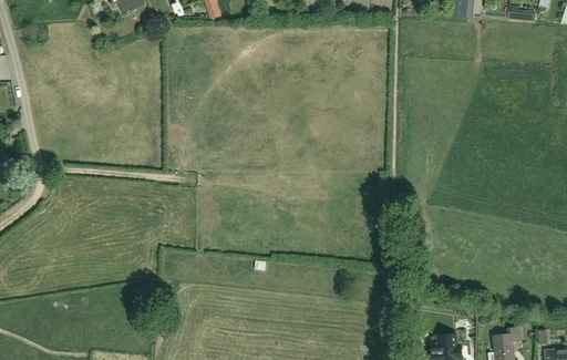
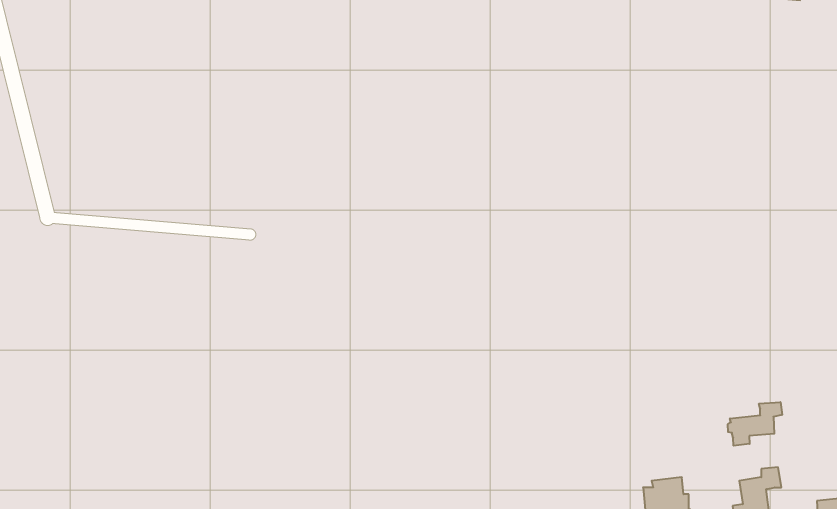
building: none -> [728,402,782,446]

